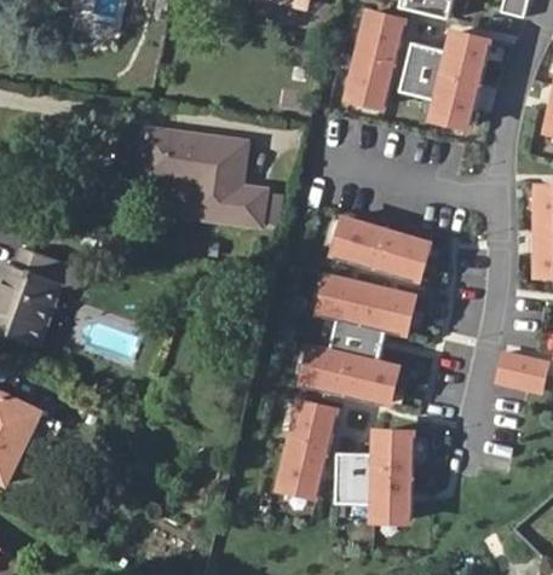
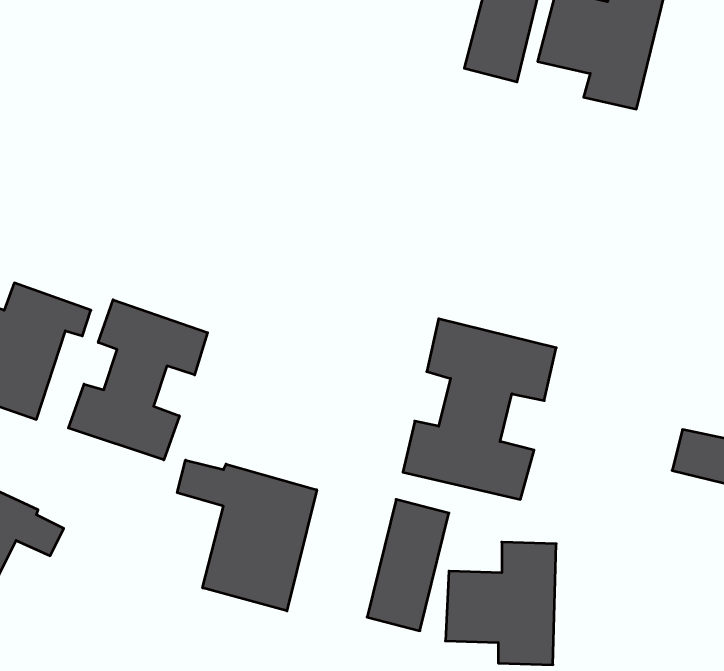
building: [140,128,266,226] -> none
building: [334,217,427,279] -> none
building: none -> [68,300,208,460]
building: none -> [177,460,317,611]

